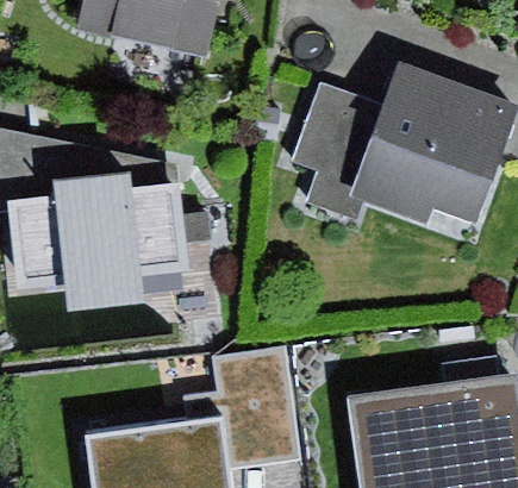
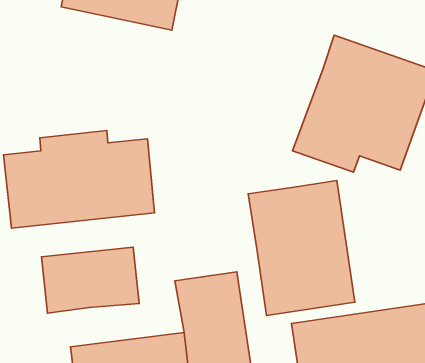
building: [289,79,385,211] -> none
building: none -> [248,180,355,315]
building: none -> [41,247,139,313]

